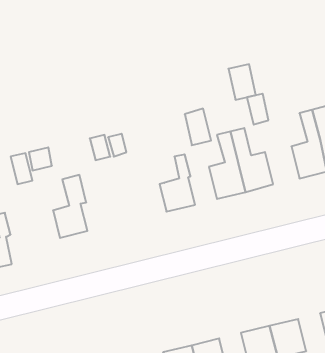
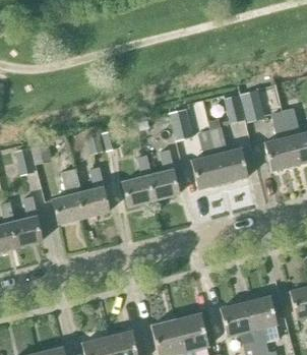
building: [228,64,256,100] -> [241,91,265,122]
building: none -> [122,155,154,206]
building: none -> [77,167,109,218]
building: none -> [11,196,42,247]

